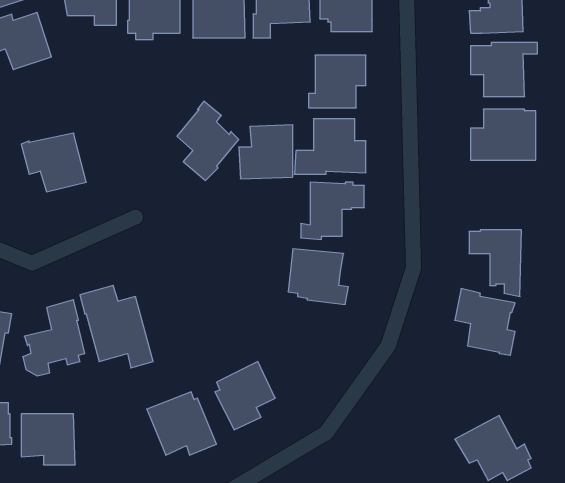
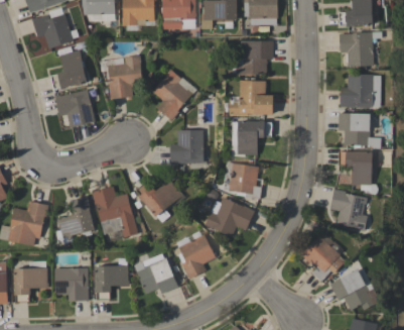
building: none -> [50,50,87,89]
building: none -> [98,56,142,99]
building: [239,125,293,179] -> [169,130,204,164]
building: none -> [338,113,381,149]
building: none -> [135,181,181,223]
building: none -> [205,198,255,237]
building: none -> [301,236,346,283]
building: none -> [95,258,129,301]

